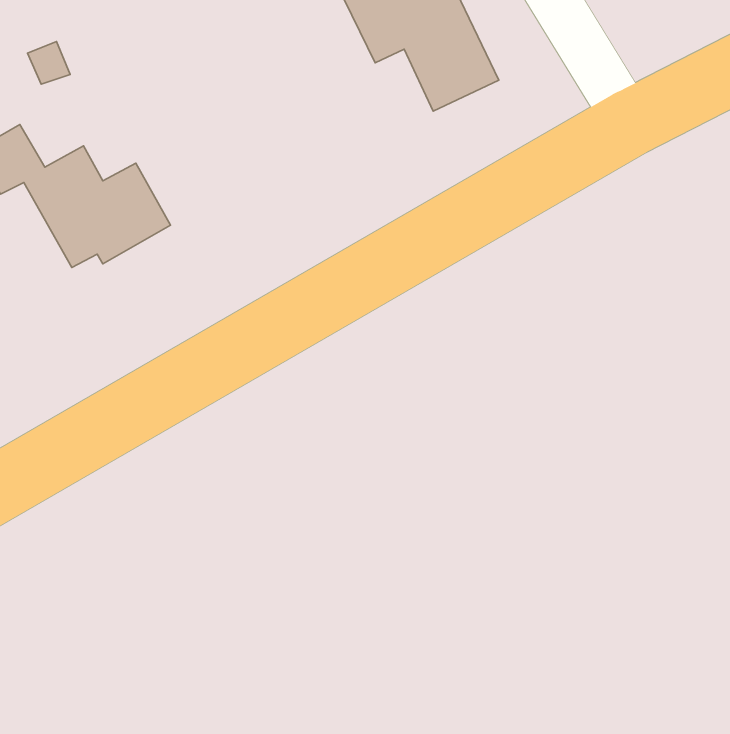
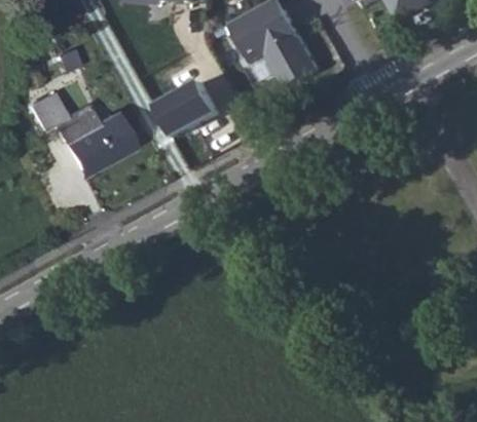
building: none -> [156,79,222,142]

